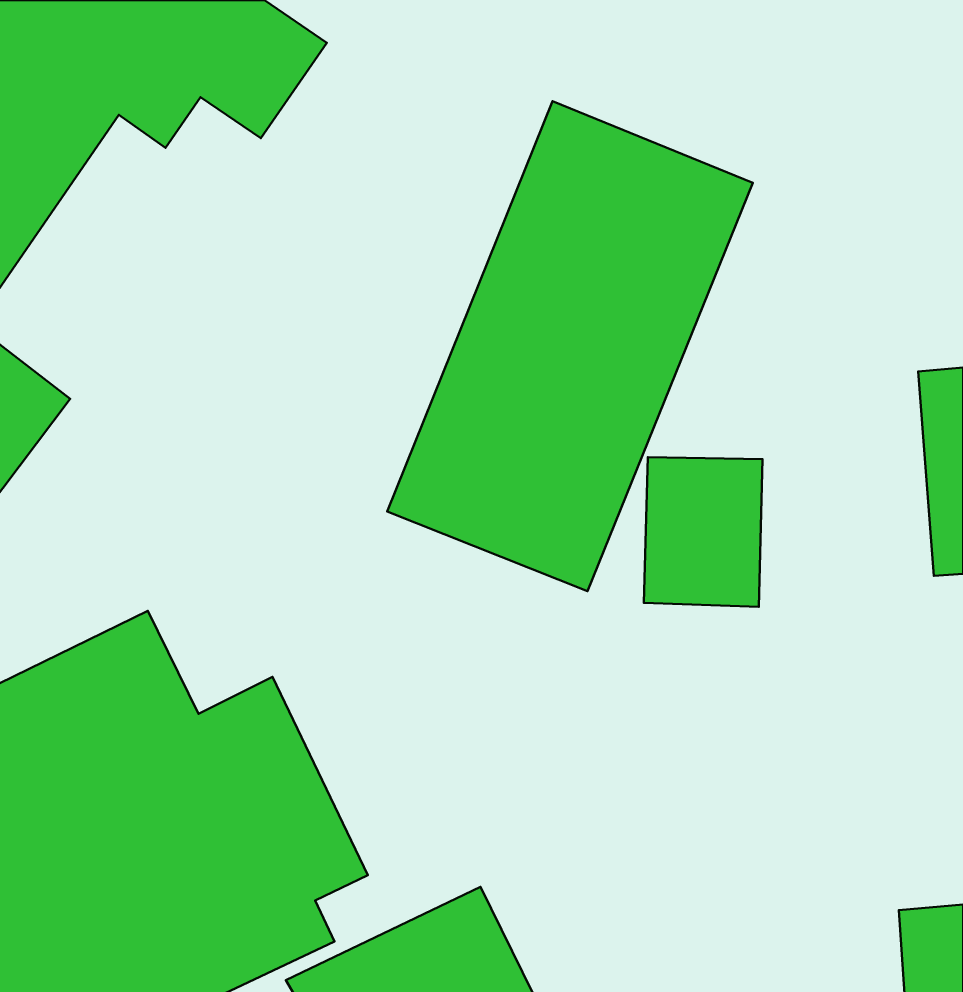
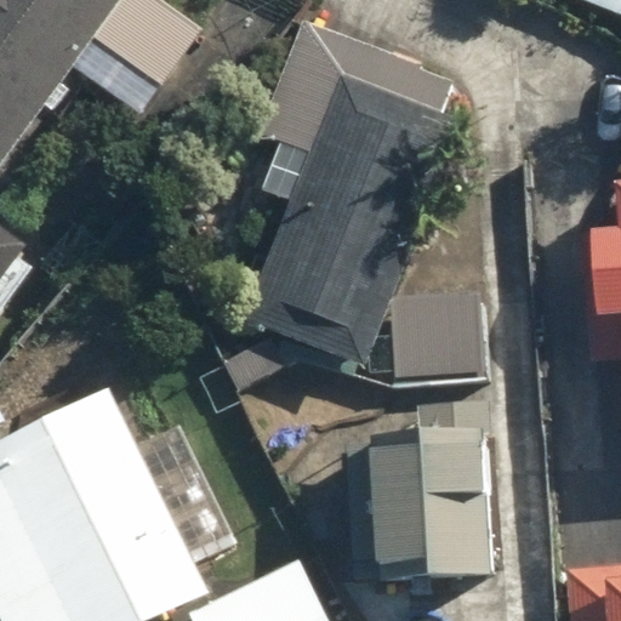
building: none -> [337,398,506,588]

